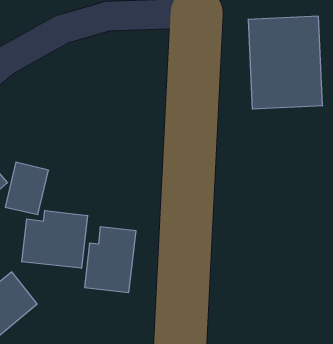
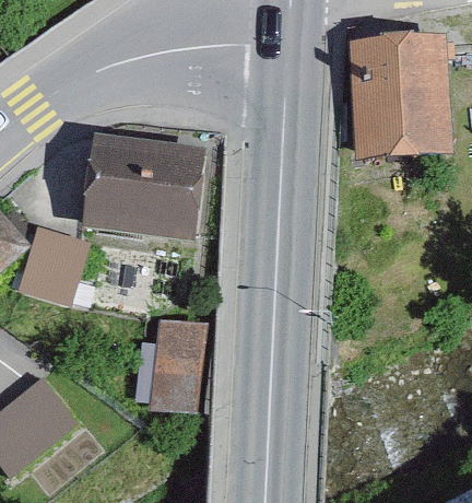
building: none -> [81,131,204,241]
building: [22,210,88,268] -> none

